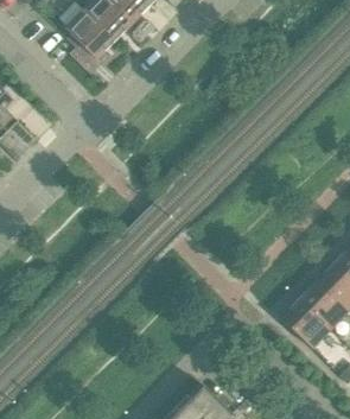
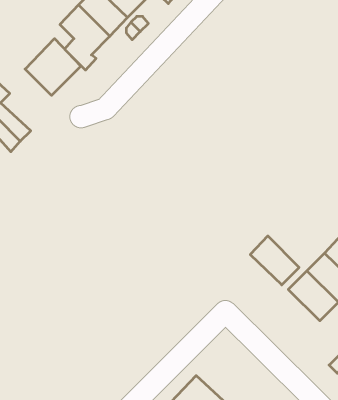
building: none -> [25,39,81,95]
building: [280,297,330,347] -> [250,236,299,285]

